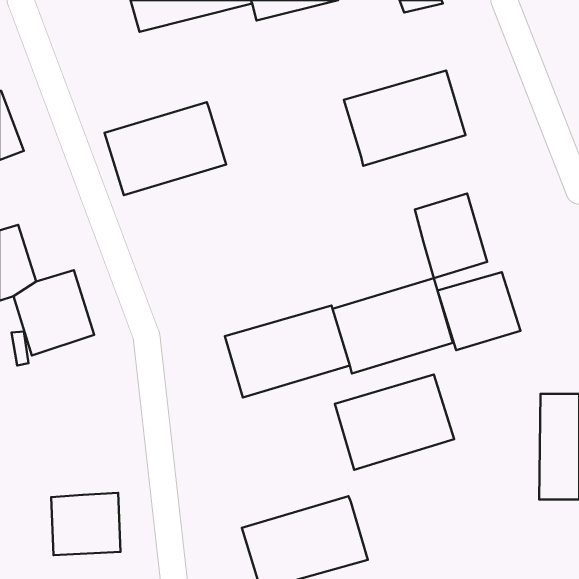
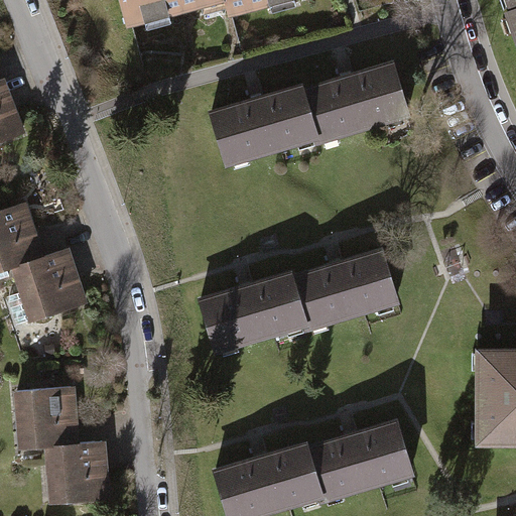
building: [105,102,226,195] -> [213,85,320,167]
building: [415,193,487,278] -> none
building: [437,272,520,350] -> none
building: [335,374,454,470] -> [311,420,417,505]
building: none -> [9,382,74,443]

